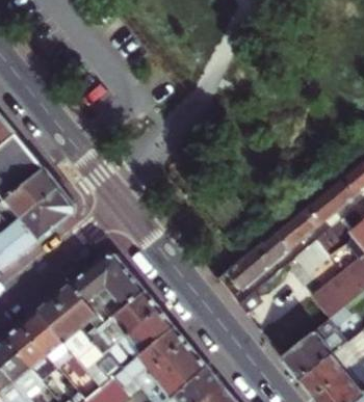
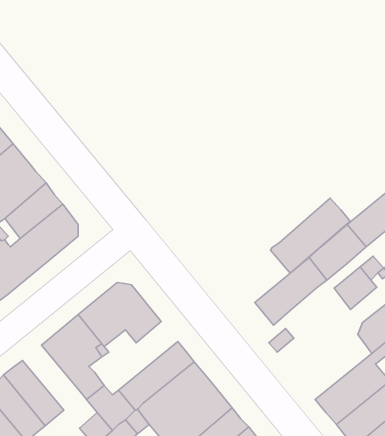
building: none -> [270,198,350,273]
building: [85,289,158,353] -> none
building: [22,310,75,367] -> none

